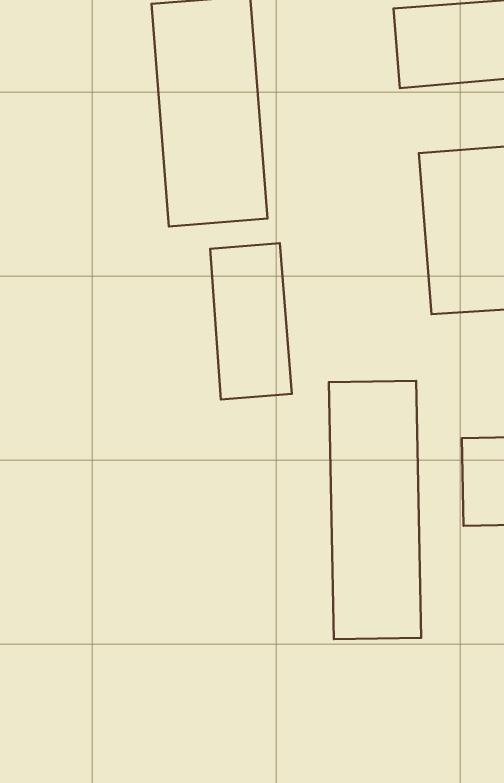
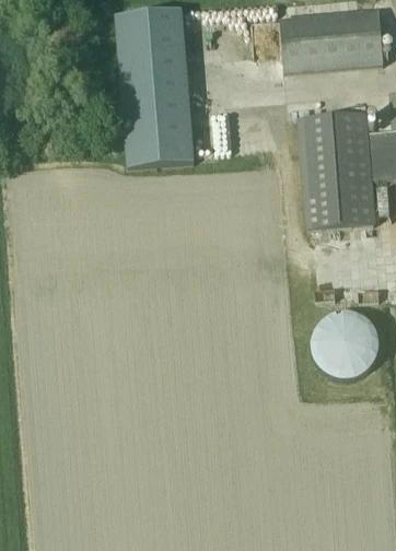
building: [210,243,292,400] -> none
building: [329,381,421,639] -> none

